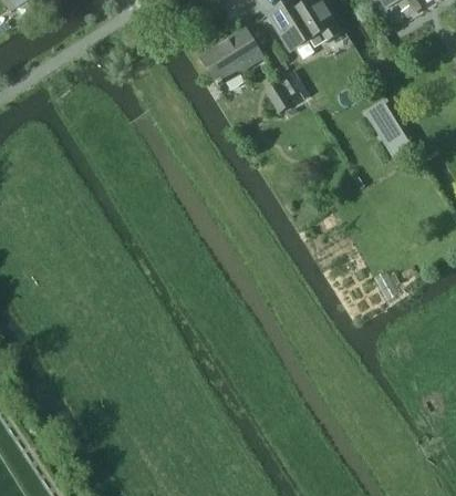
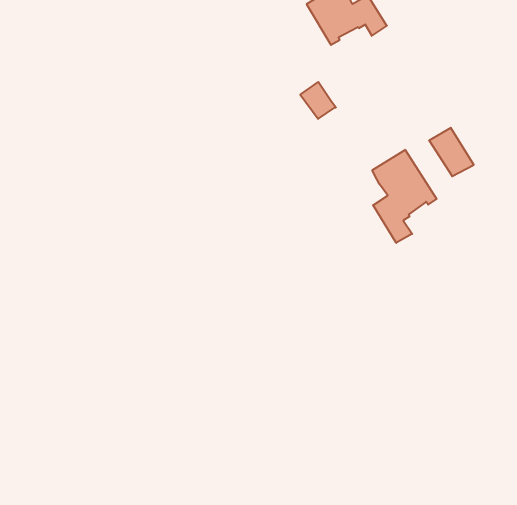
building: [201,24,265,81] -> none
building: none -> [372,150,437,243]

